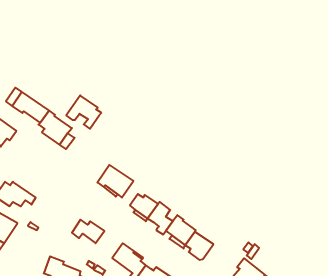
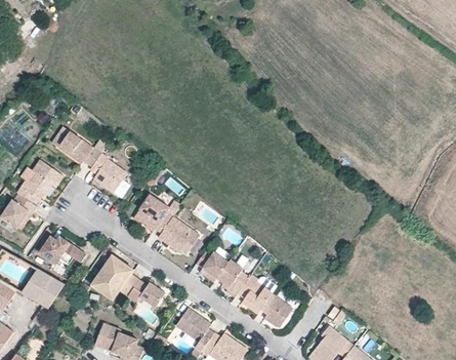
building: [66,95,101,129] -> [133,194,174,233]
building: none -> [91,255,138,299]

